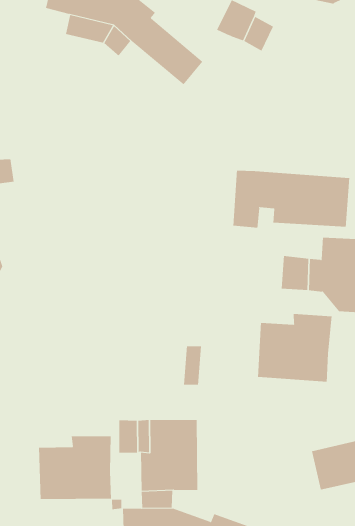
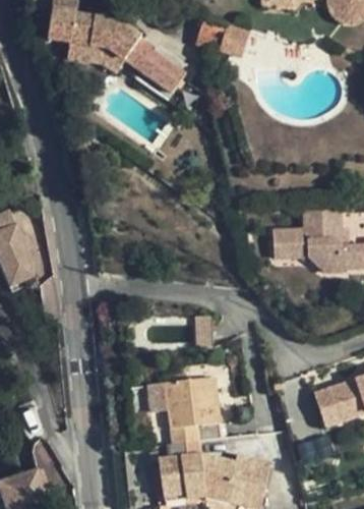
building: [233,170,350,228] -> none
building: [258,313,332,382] -> none
building: [39,436,112,500] -> none

